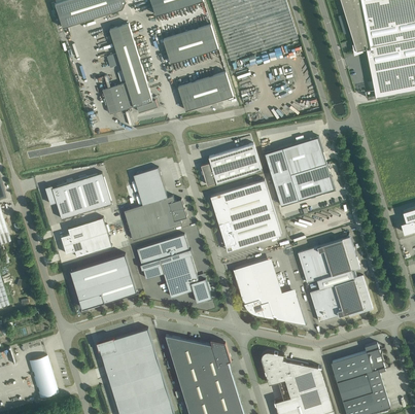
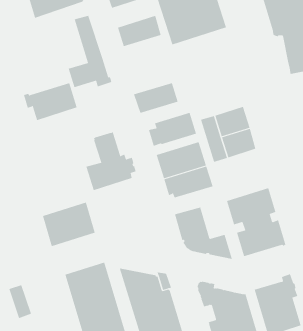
building: [177,73,233,111] -> [133,82,178,113]
building: [43,173,110,220] -> [23,82,77,121]
building: [60,218,111,257] -> none
building: [136,235,211,304] -> none

